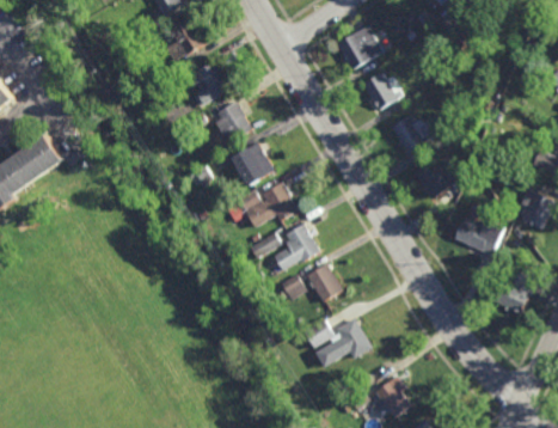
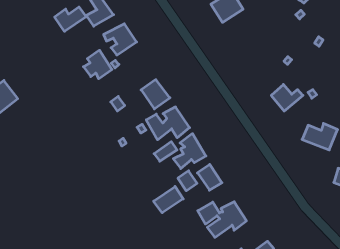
building: none -> [55,7,86,31]
building: [362,74,399,111] -> none
building: [213,100,252,140] -> [83,50,112,79]
building: [391,116,435,153] -> none
building: none -> [154,186,183,213]

